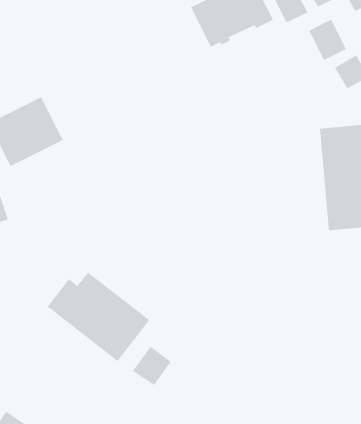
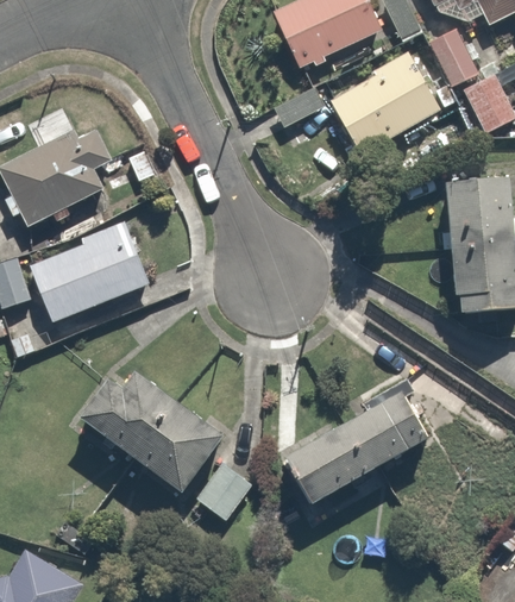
building: none -> [327,48,441,152]
building: none -> [31,228,150,324]
building: none -> [288,406,402,498]

